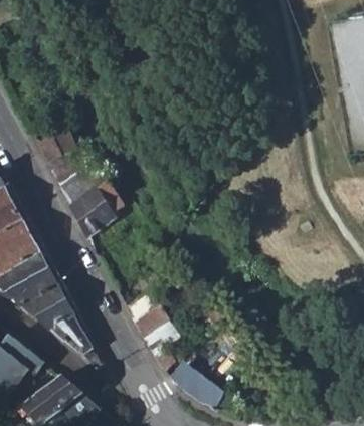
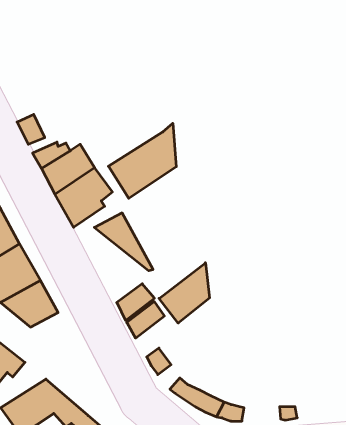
building: none -> [108,123,176,198]
building: none -> [159,263,209,323]
building: [48,314,102,367] -> [94,213,153,271]

